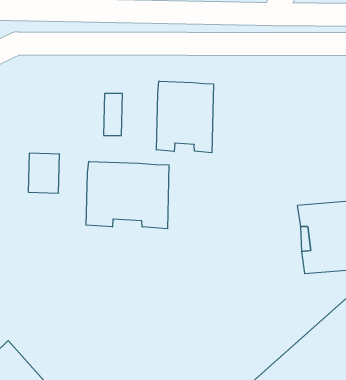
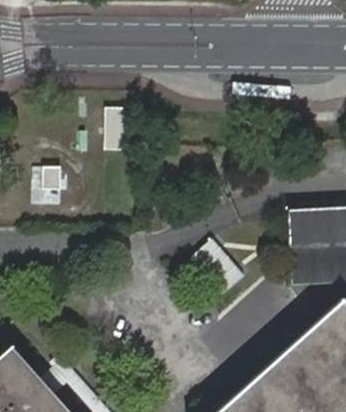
building: [156,81,213,153] -> none
building: [86,161,169,229] -> none

